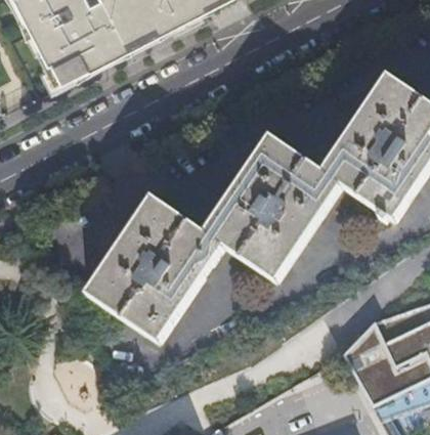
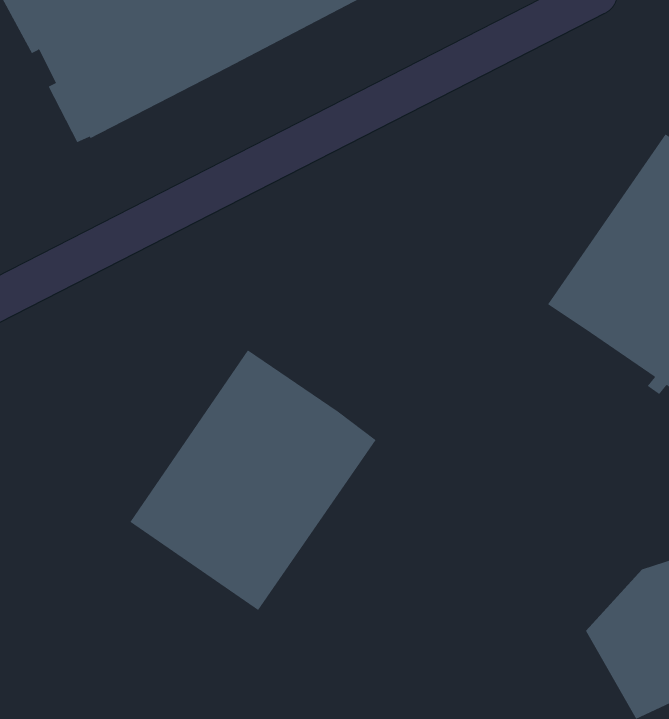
building: [204,137,343,284] -> none

